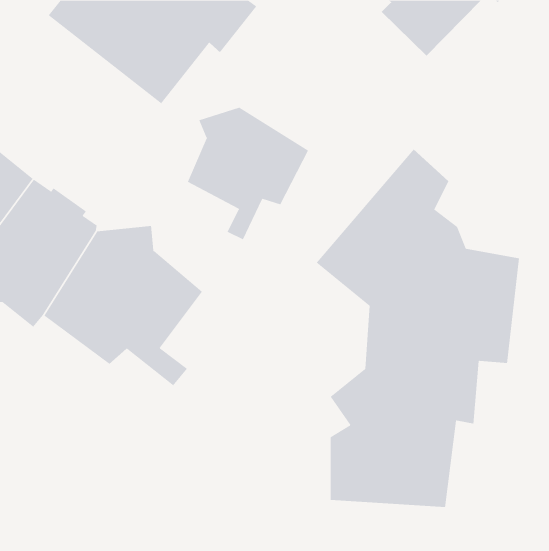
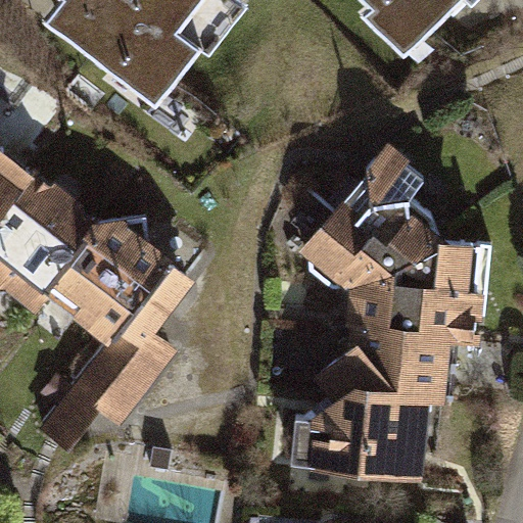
building: [187,107,309,240] -> none
building: none -> [40,332,163,447]

